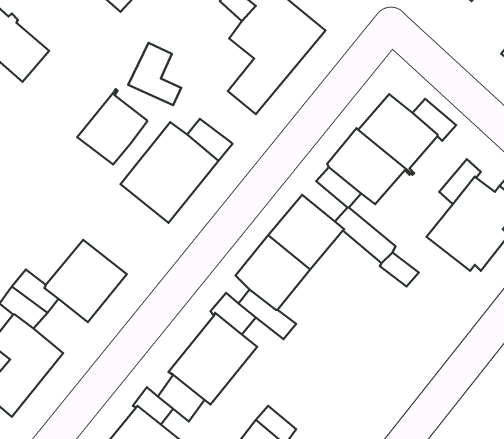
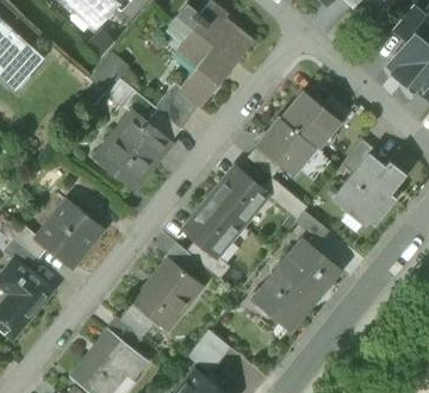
building: none -> [154,83,198,129]
building: [77,89,147,165] -> none
building: none -> [251,241,338,333]

